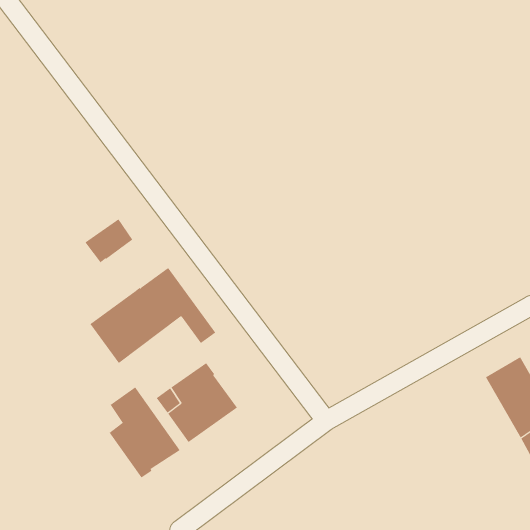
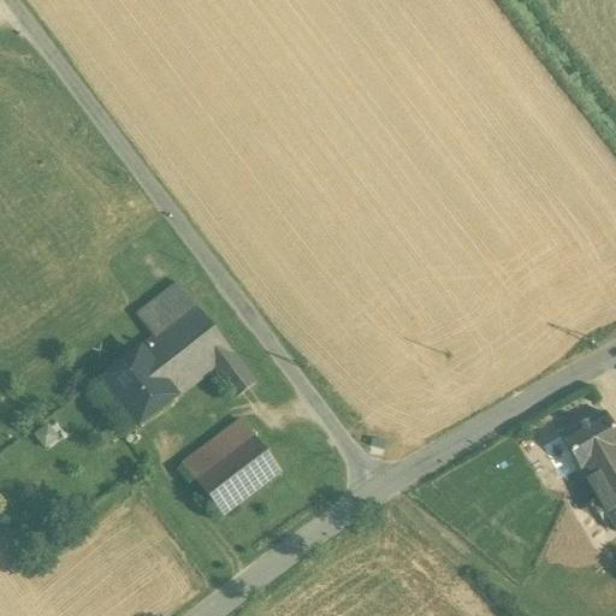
building: [84,219,133,263] -> [140,285,196,337]
building: [109,387,180,479] -> none

